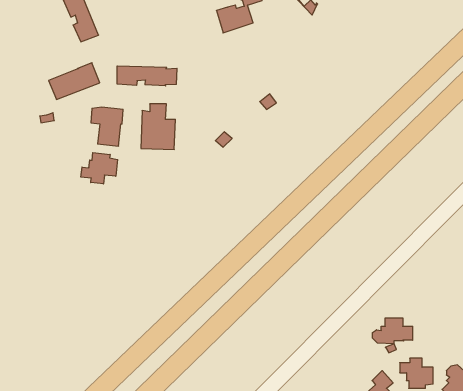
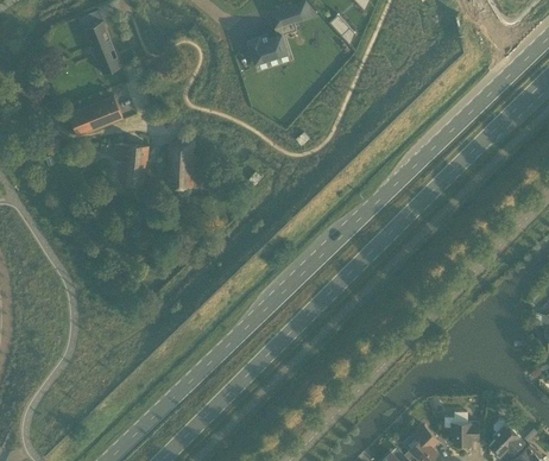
building: [117,66,177,86] -> none
building: [81,153,118,184] -> none
building: [373,318,413,344] -> none

